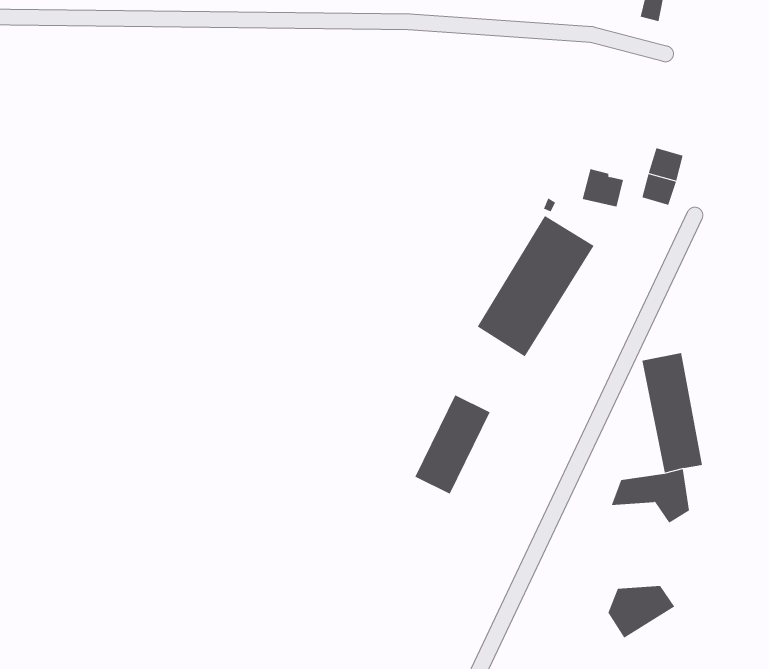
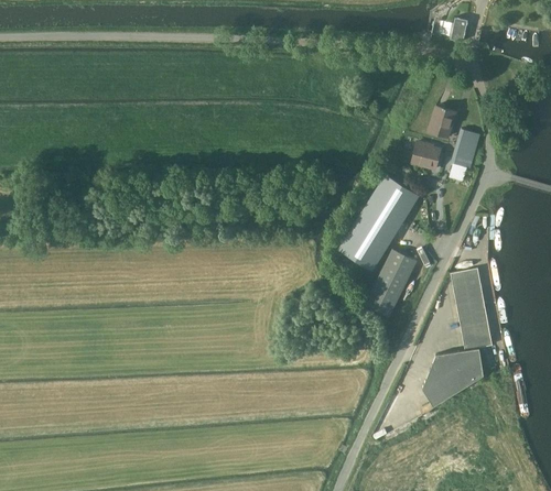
building: none -> [428,107,455,138]
building: [415,394,490,494] -> [365,249,417,317]
building: [608,585,675,639] -> [423,370,469,406]

